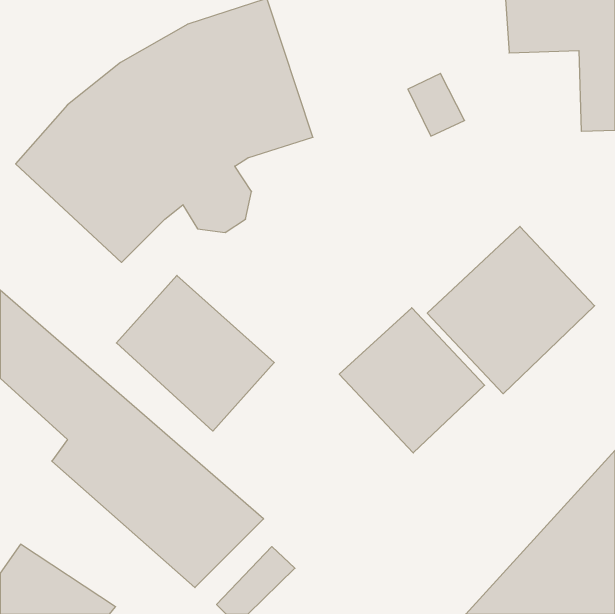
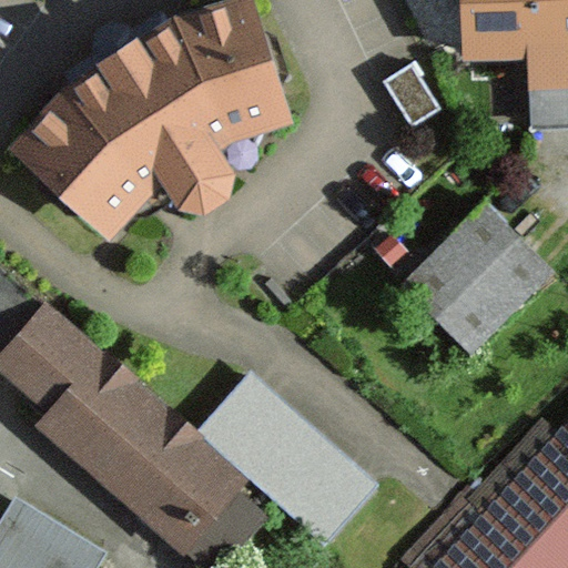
building: [116,275,274,431] -> none
building: [339,308,485,453] -> none
building: none -> [203,375,375,540]

